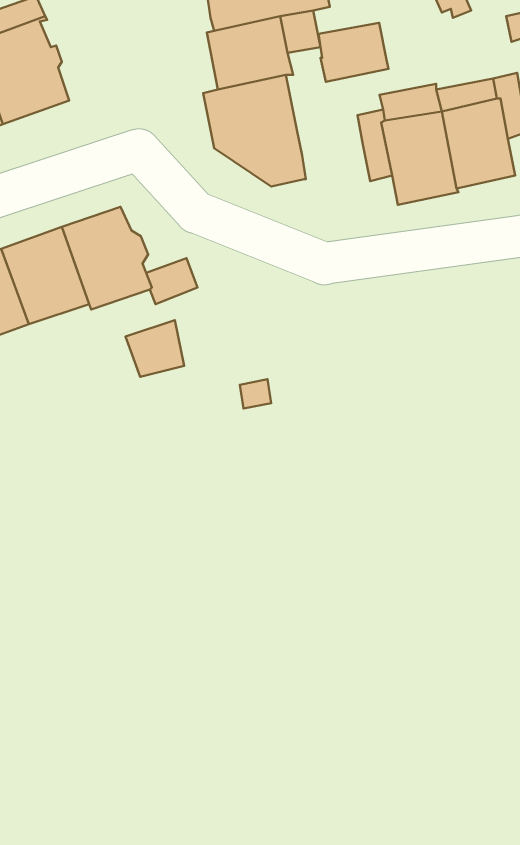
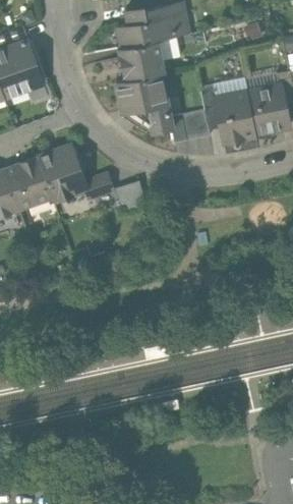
building: [319,23,388,82] -> [171,111,210,144]
building: [125,320,184,377] -> [113,181,145,213]

